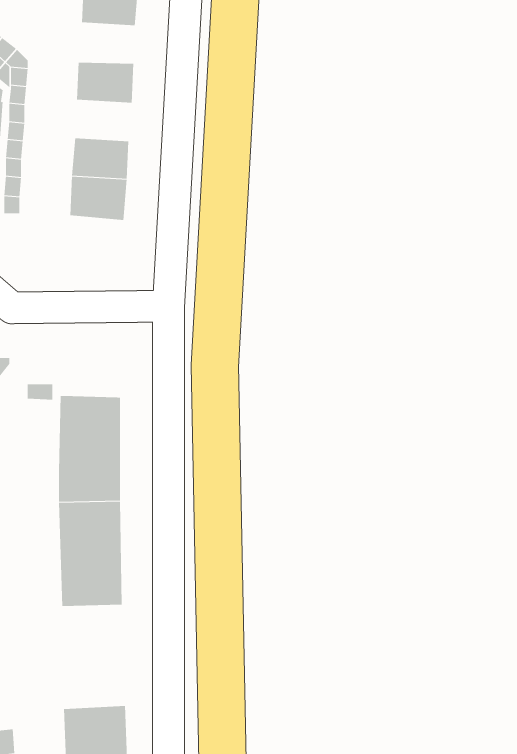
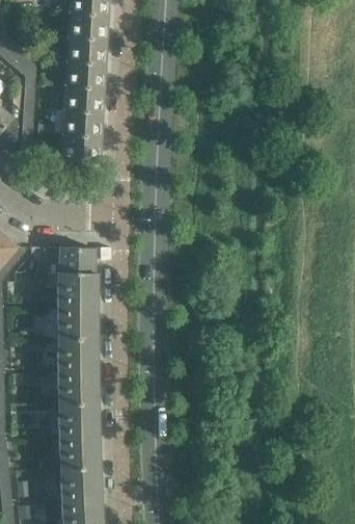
building: none -> [67,36,104,62]
building: none -> [65,85,102,111]
building: none -> [57,246,92,272]
building: none -> [57,403,98,469]

